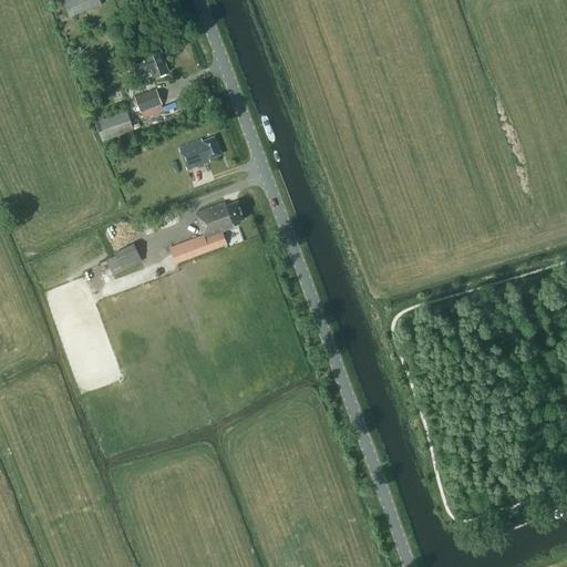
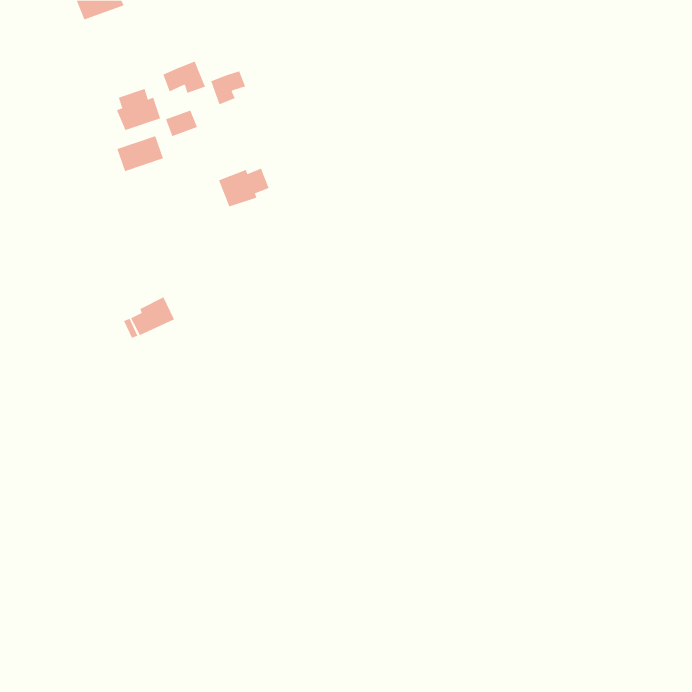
building: none -> [211,71,246,105]
building: none -> [116,88,161,131]
building: [171,200,245,262] -> none

